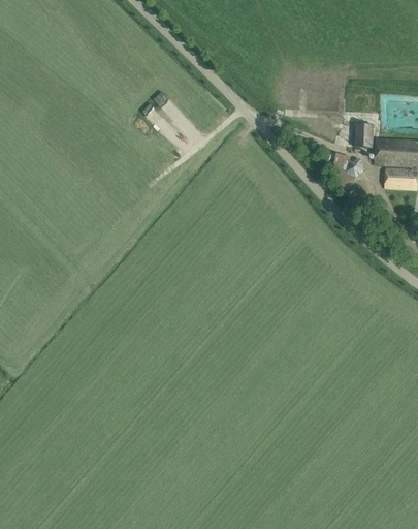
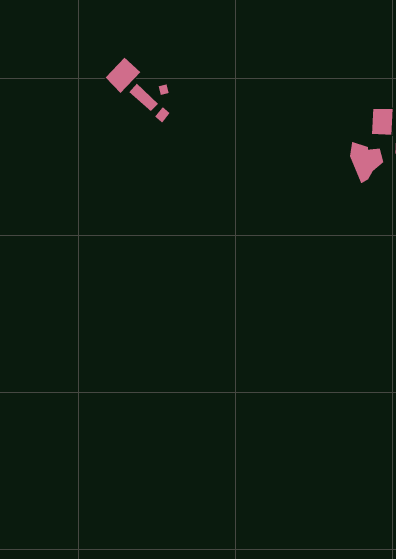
building: none -> [105,57,141,94]

